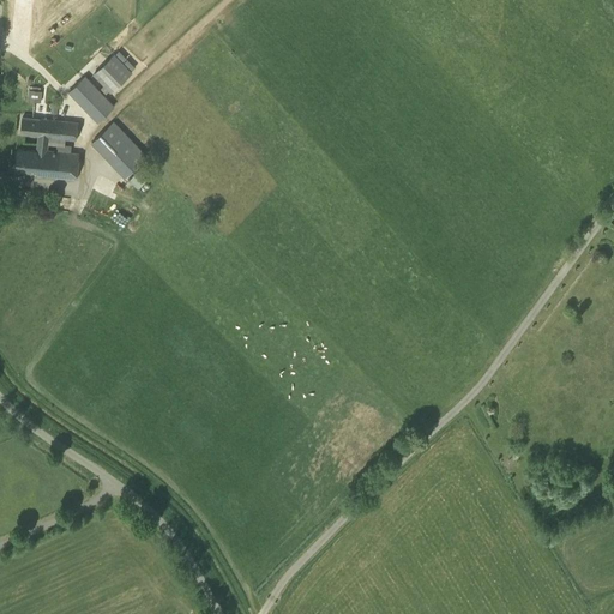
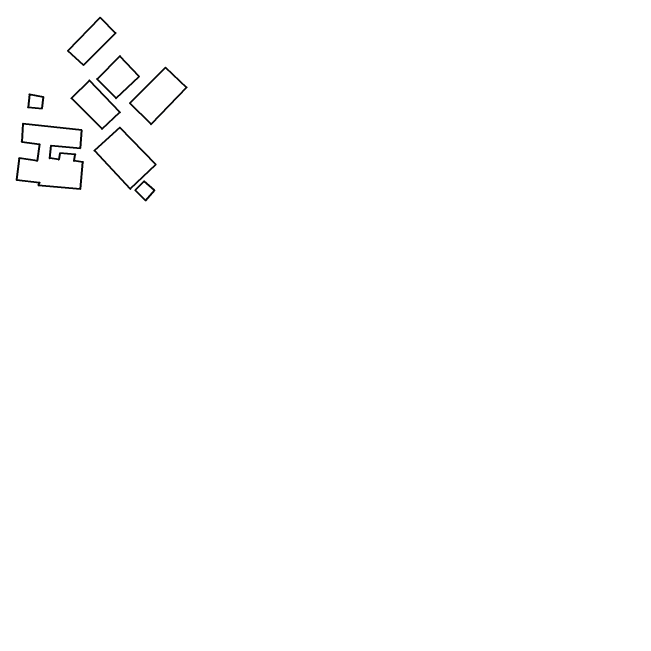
building: none -> [68,18,116,65]
building: none -> [130,68,187,124]

